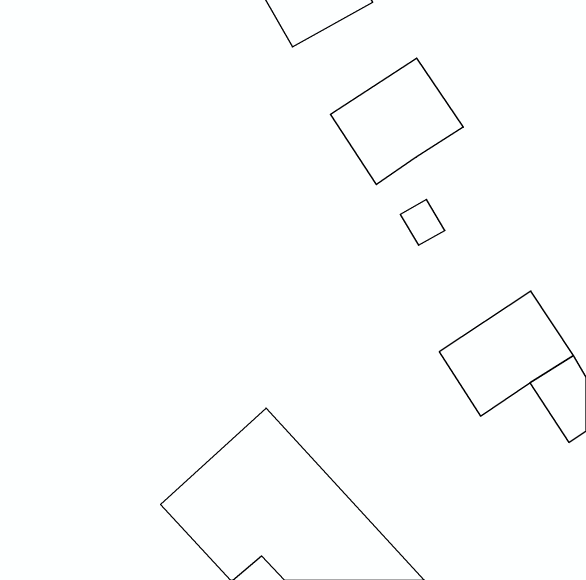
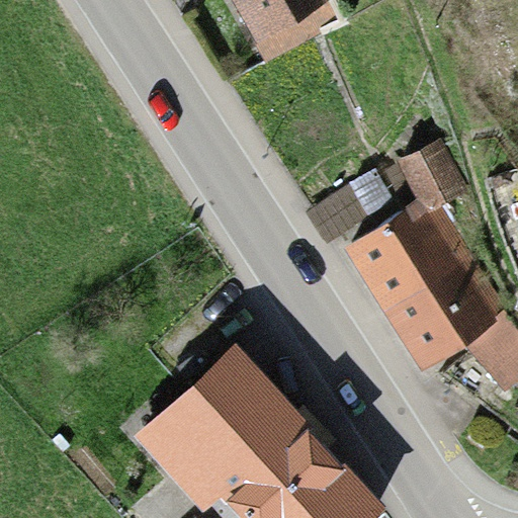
building: [330,58,463,185] -> none
building: none -> [346,149,468,311]

